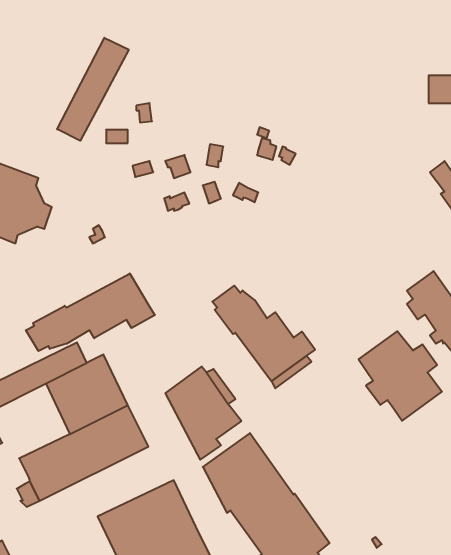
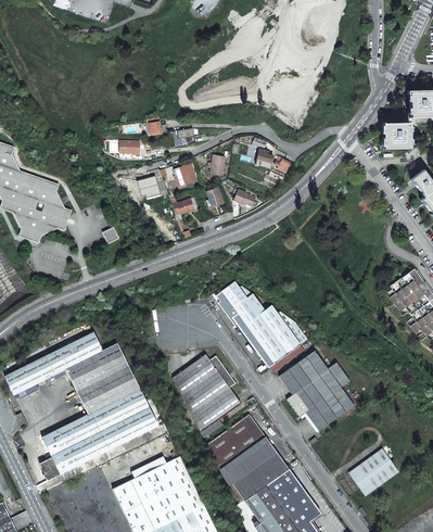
building: [57,38,129,141] -> none
building: none -> [383,123,409,149]
building: [26,273,155,351] -> none
building: [359,331,442,421] -> [279,351,354,431]
building: none -> [348,448,398,496]

